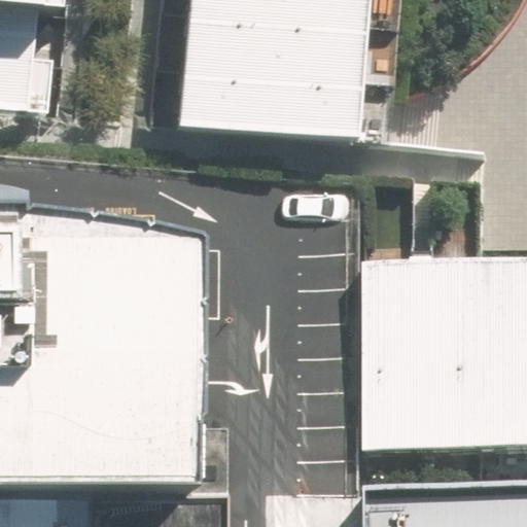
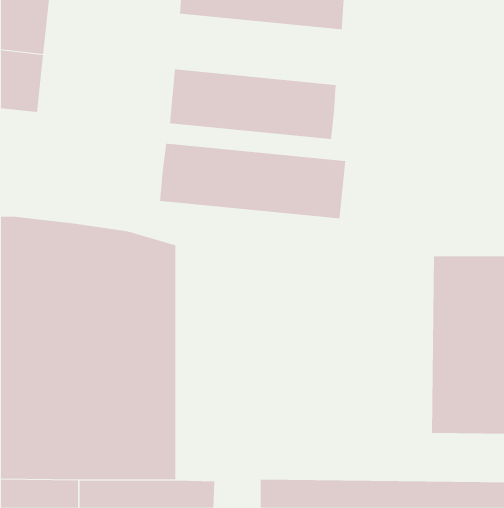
building: [185,14,359,87] -> none
building: none -> [160,143,346,219]
building: [372,264,453,448] -> none

